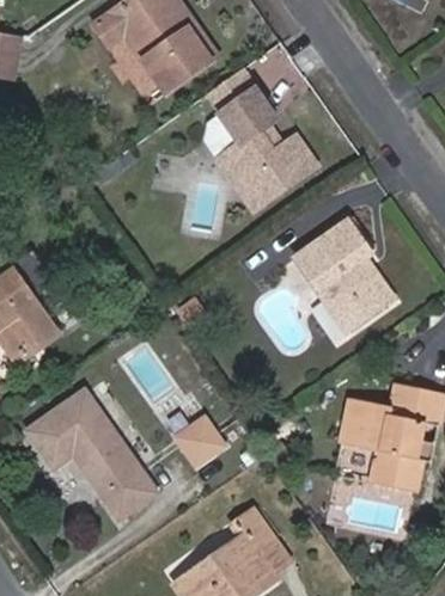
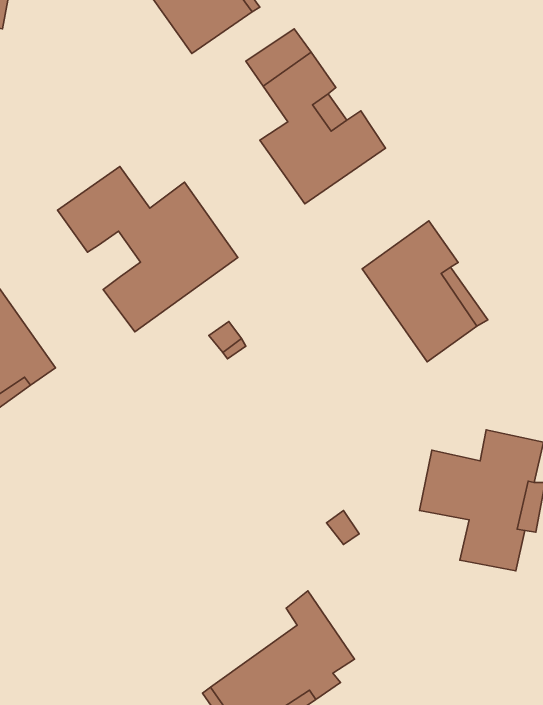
building: none -> [57,166,238,332]
building: [28,391,156,517] -> none
building: [178,407,234,465] -> none

